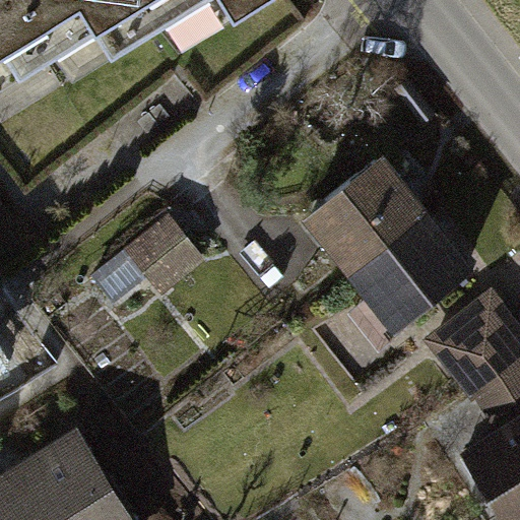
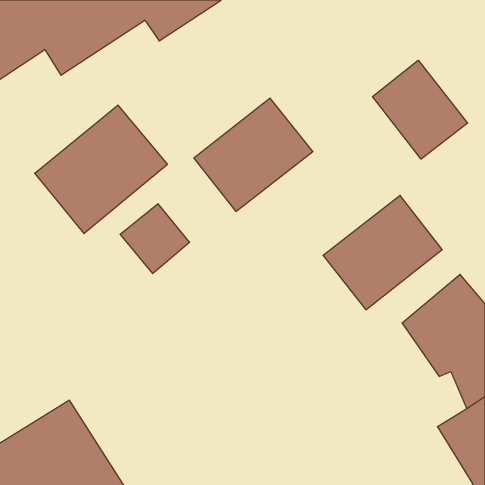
building: none -> [373,60,468,159]
building: none -> [35,105,167,234]
building: [300,153,427,274] -> [194,98,313,211]

